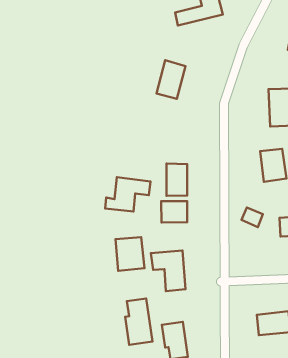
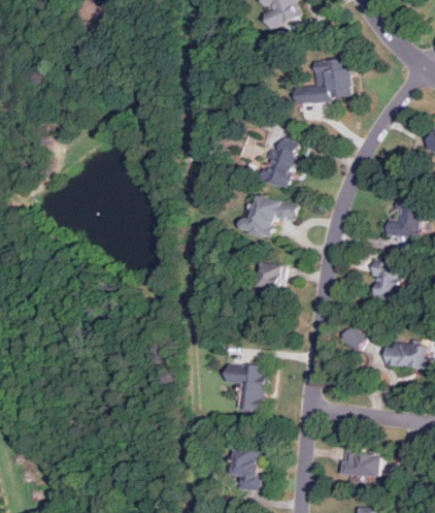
building: [105,177,150,212] -> [242,195,299,237]
building: [161,201,187,222] -> none
building: [116,237,144,271] -> none
building: [125,298,152,345] -> none

